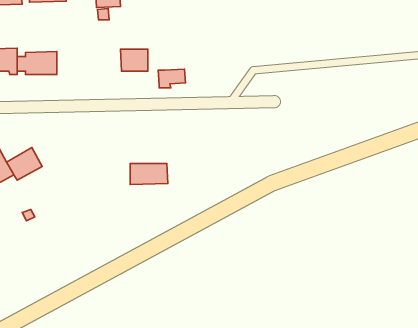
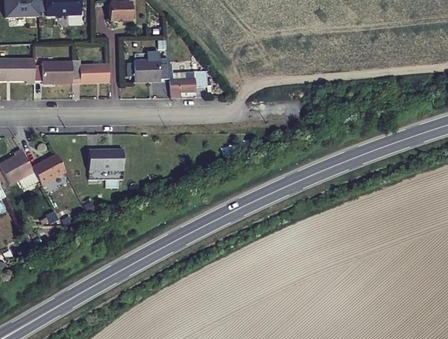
building: none -> [74,60,111,83]
building: [130,164,168,184] -> [84,150,120,170]

